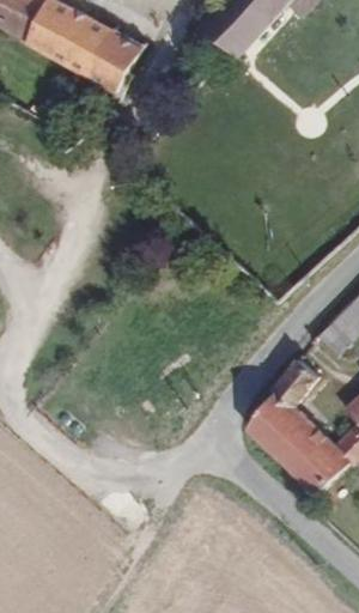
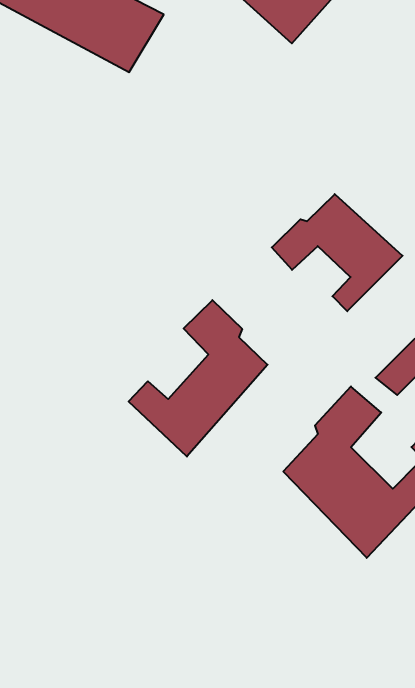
building: none -> [272,194,403,311]
building: none -> [129,300,268,457]

